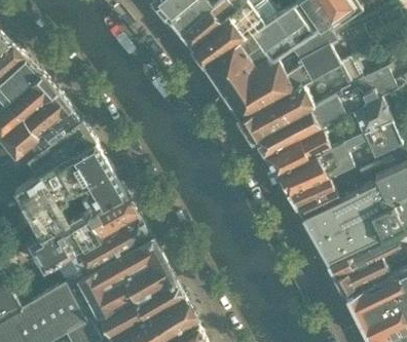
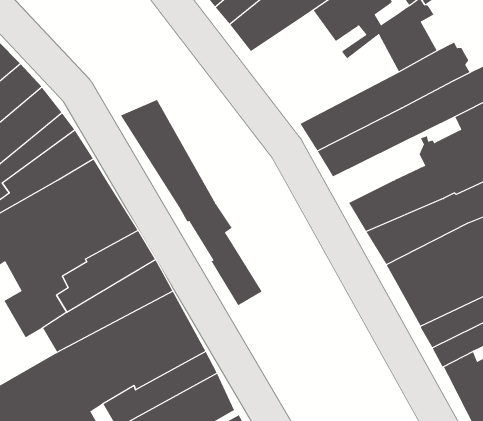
building: [207,37,312,118] -> none
building: none -> [120,99,262,306]
building: [265,122,337,175] -> none

